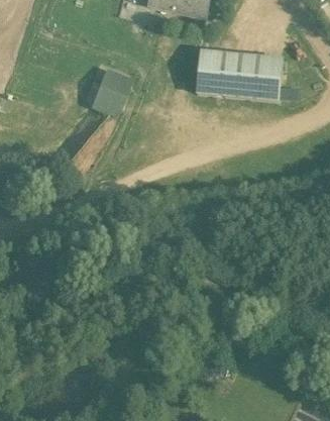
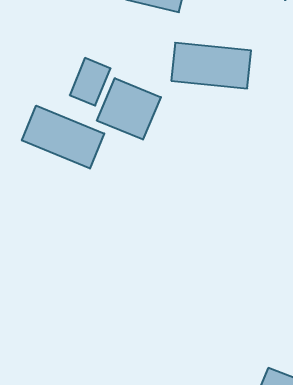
building: none -> [97,78,161,140]
building: none -> [22,106,104,169]

